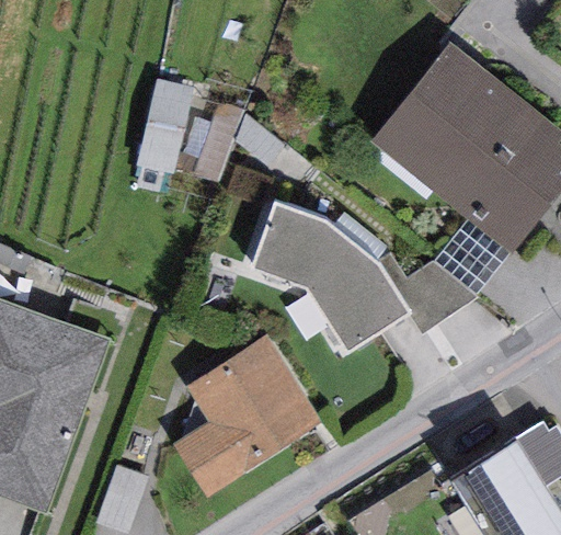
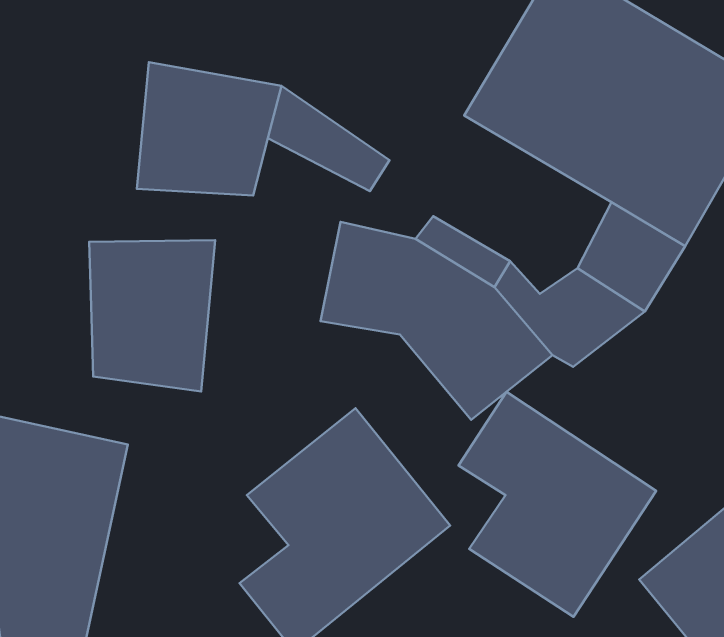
building: none -> [89,240,215,392]
building: none -> [459,392,656,617]

